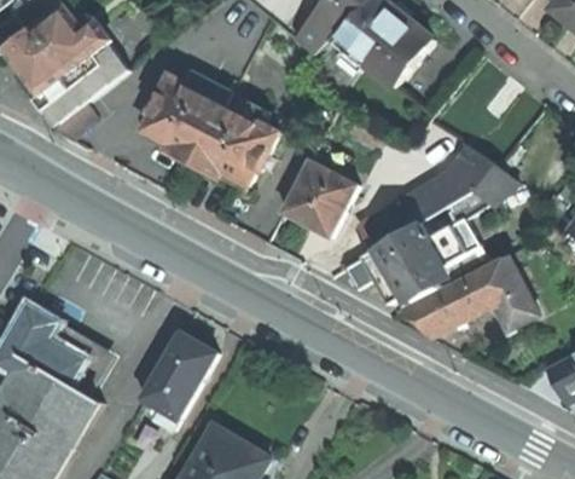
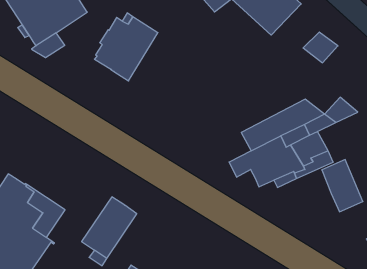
building: [192,92,279,190] -> none
building: [446,149,495,192] -> [303,32,338,63]
building: [284,161,356,235] -> none
building: [405,272,492,335] -> none

